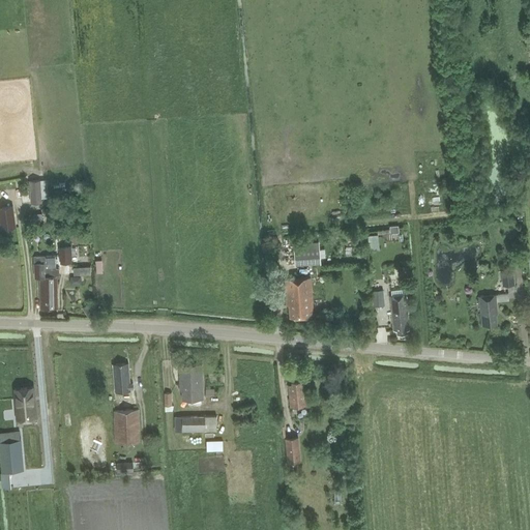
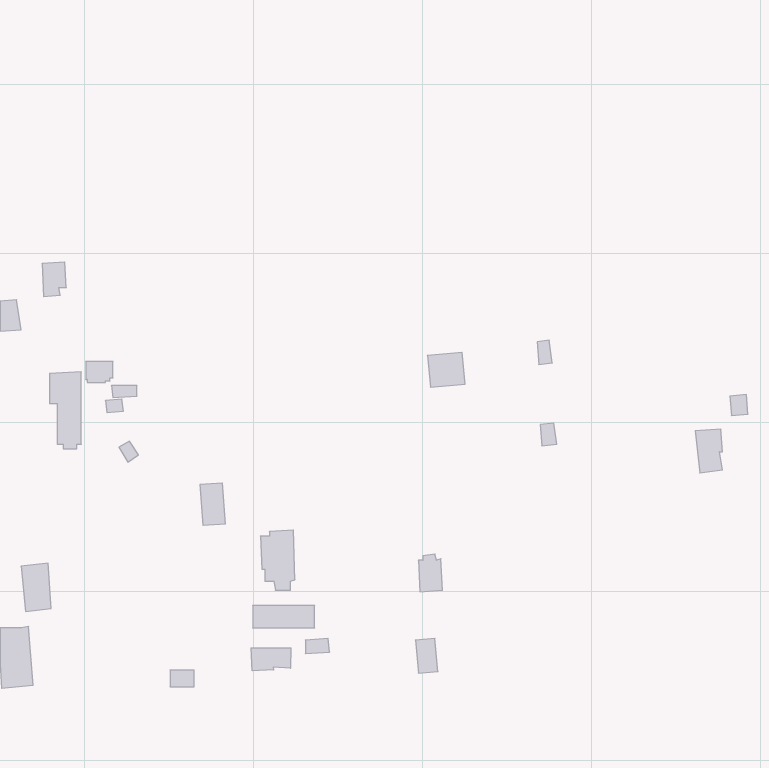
building: [284,278,313,319] -> none
building: [389,295,409,335] -> none
building: [113,364,130,393] -> [200,483,225,525]
building: [114,411,140,444] -> none
building: none -> [251,648,291,671]

